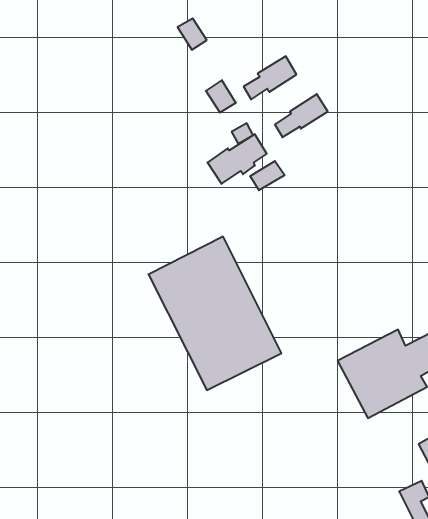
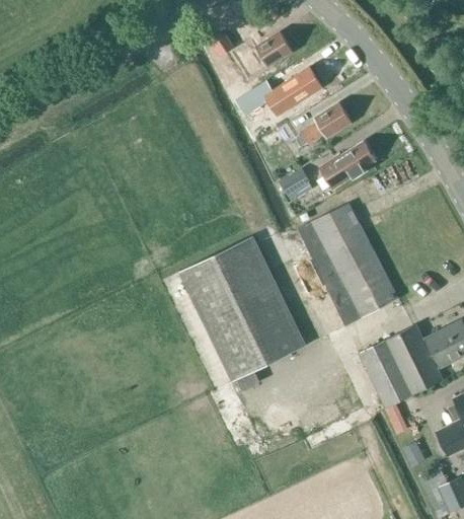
building: none -> [242,33,292,73]
building: [207,134,267,184] -> [320,142,376,189]
building: none -> [298,203,398,325]

